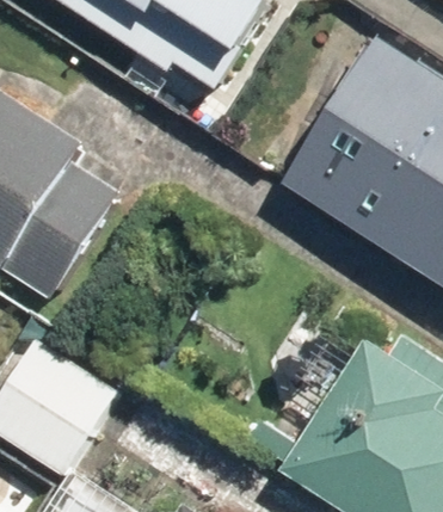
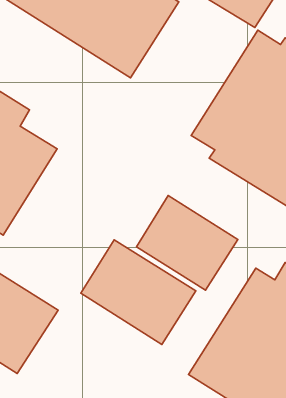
building: none -> [137,195,238,290]
building: none -> [81,240,196,344]

